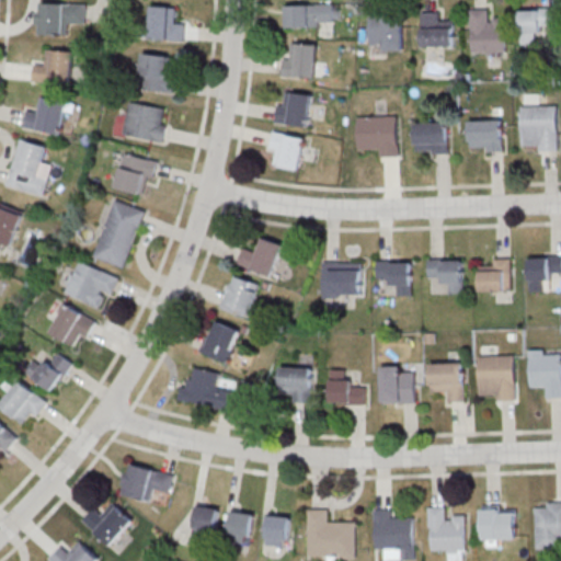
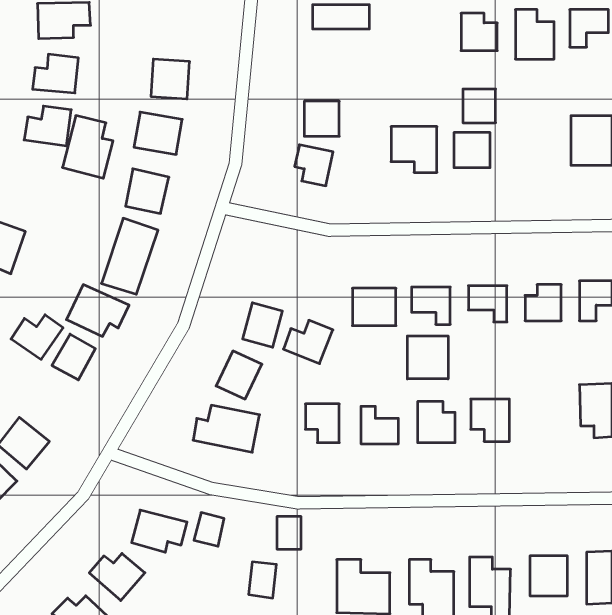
building: [148,8,181,39] -> none
building: [367,15,401,50] -> none
building: [280,44,313,77] -> none
building: [470,121,500,151] -> [463,89,496,123]
building: [4,139,50,196] -> [62,116,113,178]
building: [236,238,280,277] -> [283,320,333,364]
building: none -> [407,336,448,379]
building: [23,352,70,392] -> [11,315,63,359]
building: [476,356,514,401] -> none
building: [190,504,217,535] -> [194,513,224,546]
building: [264,517,286,547] -> [277,517,301,549]

